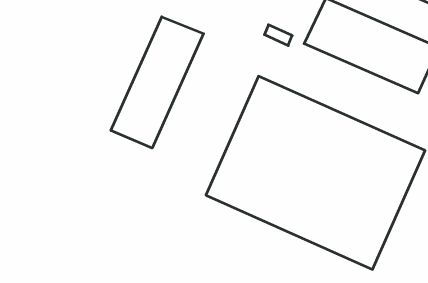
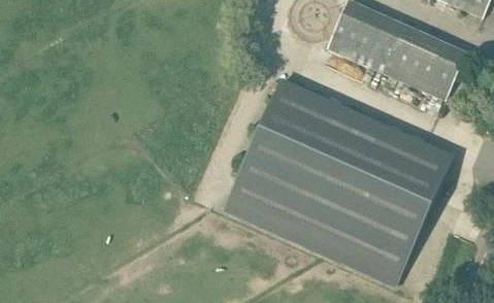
building: [111,17,204,148] -> none

